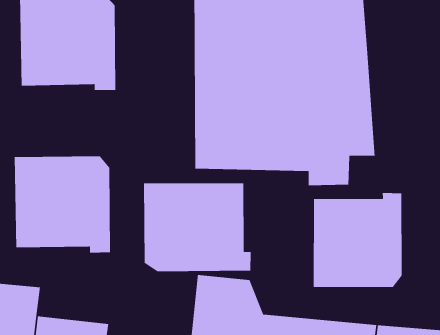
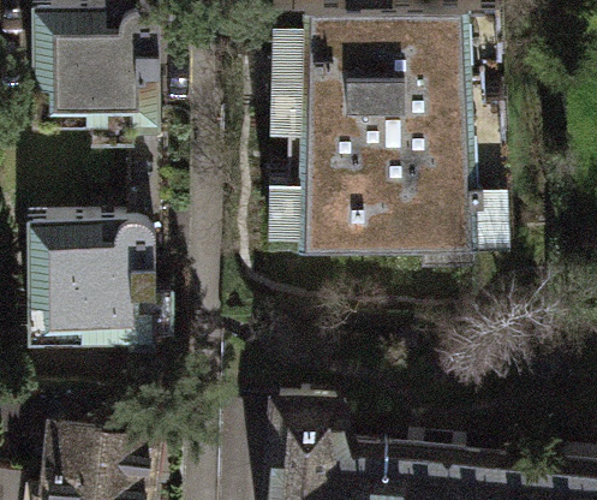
building: [143,183,252,272] -> none
building: [313,192,403,288] -> none

